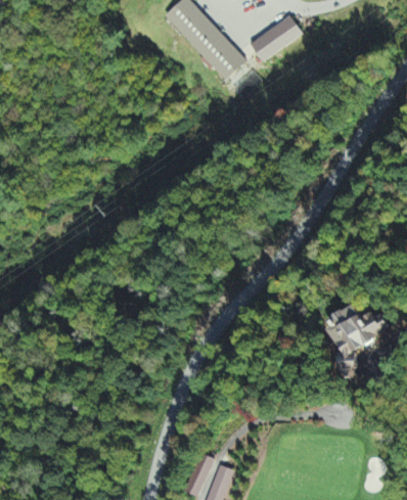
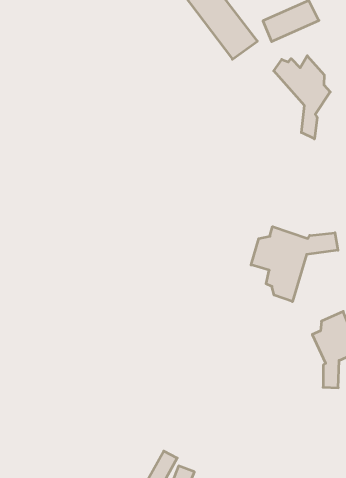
building: none -> [274,56,330,139]
building: none -> [251,227,338,302]

